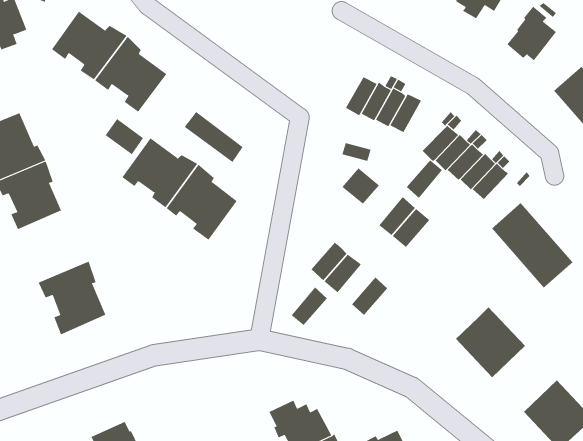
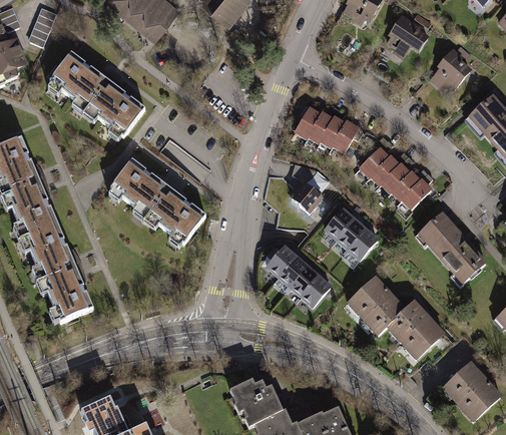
building: [105,118,144,155] -> none
building: [406,159,443,199] -> [345,228,376,261]
building: none -> [19,220,79,280]
building: none -> [346,276,405,336]
building: [291,286,328,326] -> [288,265,319,298]

